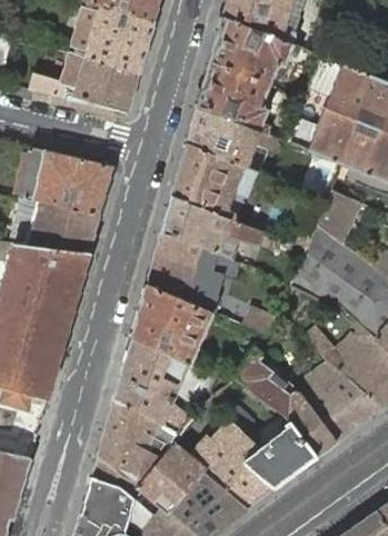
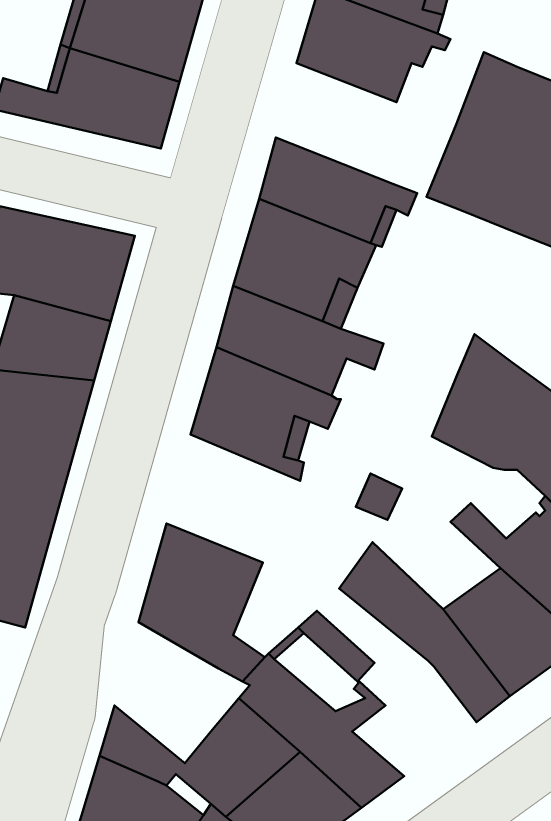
building: [198,62,271,135] -> none
building: [317,190,357,241] -> none
building: [132,285,213,364] -> none
building: [101,397,182,482] -> none
building: [243,420,318,489] -> none

